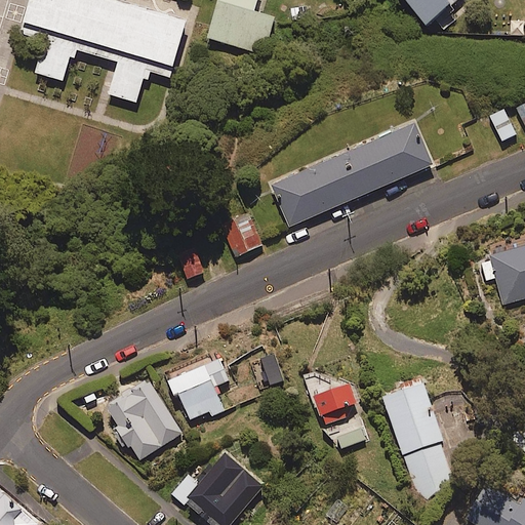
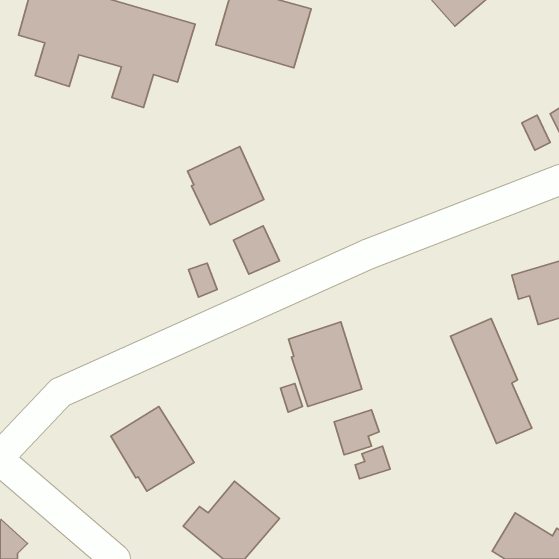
building: [270,121,434,228] -> none
building: none -> [188,146,264,225]
building: none -> [288,322,362,407]
building: [172,358,229,419] -> none
building: [380,380,456,497] -> [451,318,532,443]

